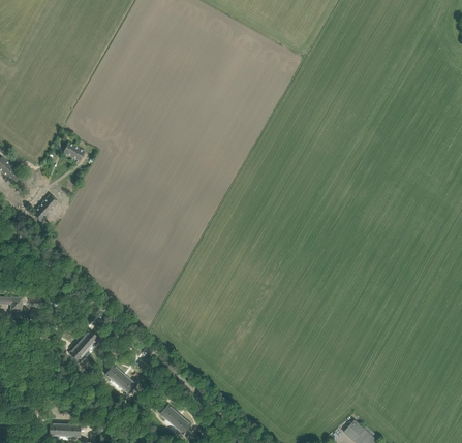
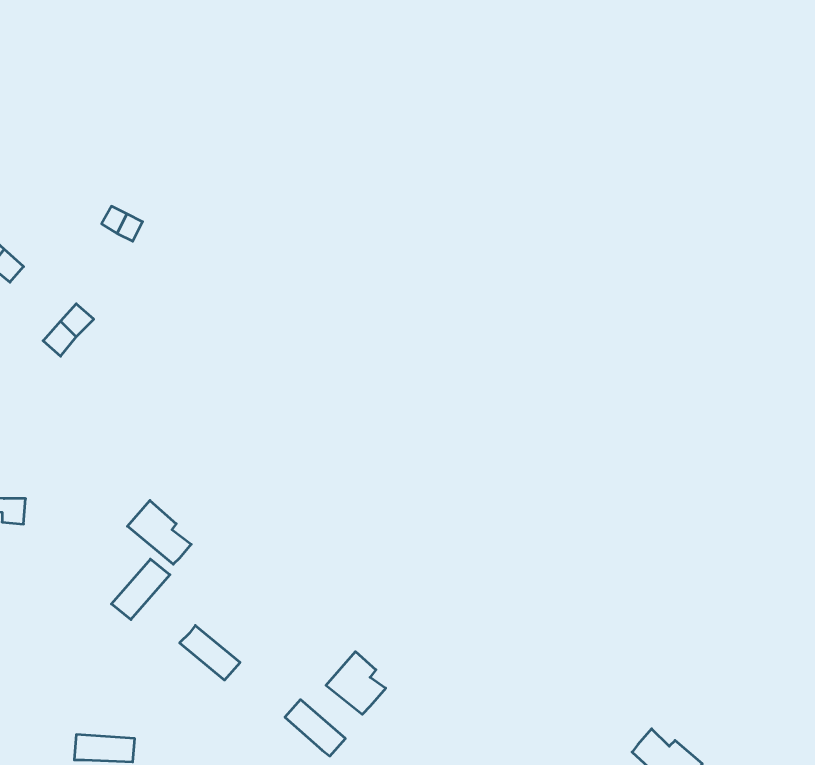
building: none -> [127,500,191,564]
building: none -> [326,652,386,714]

